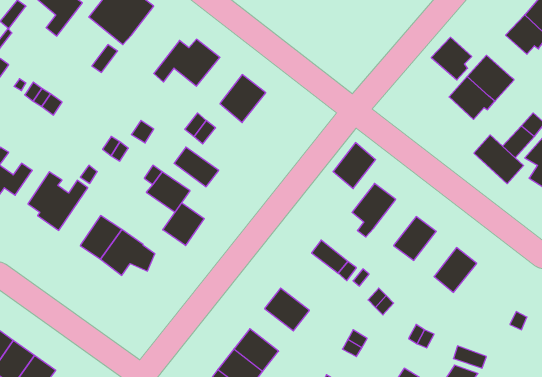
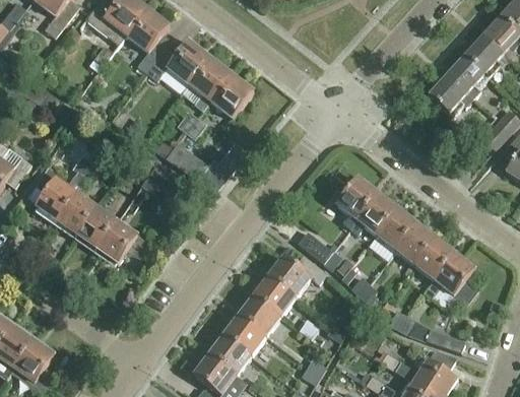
building: none -> [126,8,172,72]
building: [431,37,472,80] -> [464,36,503,76]
building: none -> [182,57,232,110]
building: [474,135,524,184] -> none
building: [333,143,376,189] -> [356,192,397,236]
building: none -> [57,193,96,236]
building: [163,203,204,246] -> none
building: none -> [395,222,436,265]
building: none -> [424,253,477,306]
building: none -> [268,255,326,297]
building: none -> [239,295,280,336]

